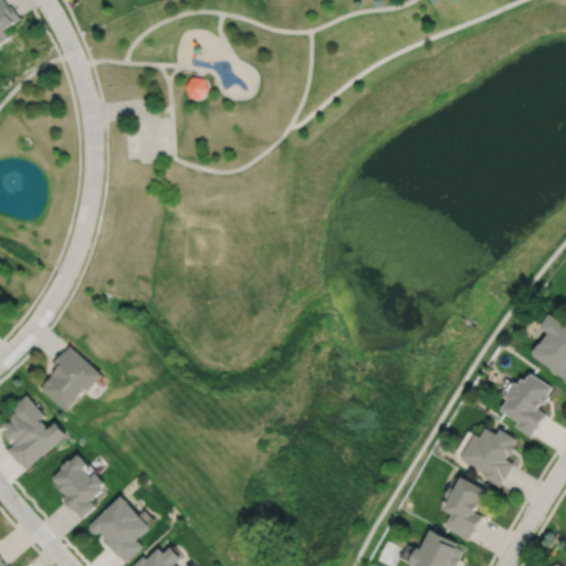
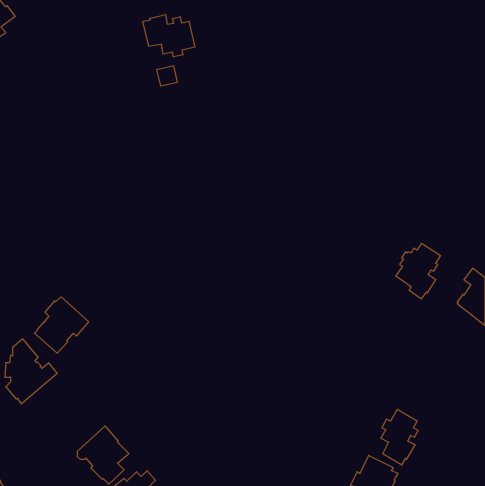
building: none -> [143,14,195,57]
building: [497,373,549,437] -> [396,243,441,299]
building: [458,428,514,486] -> none
building: [52,454,105,520] -> none

